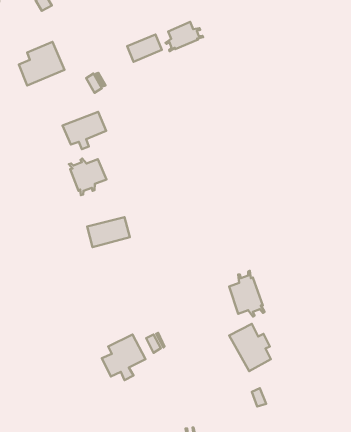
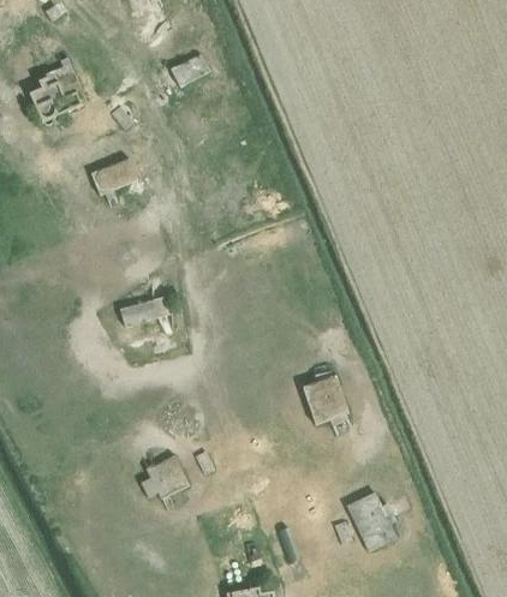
building: [166,22,203,51] -> none
building: [69,159,107,195] -> none
building: [229,324,271,371] -> [342,486,398,549]

